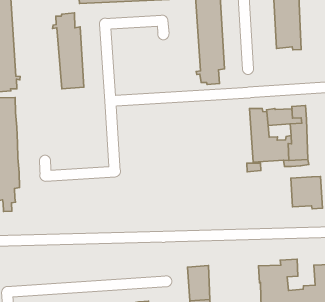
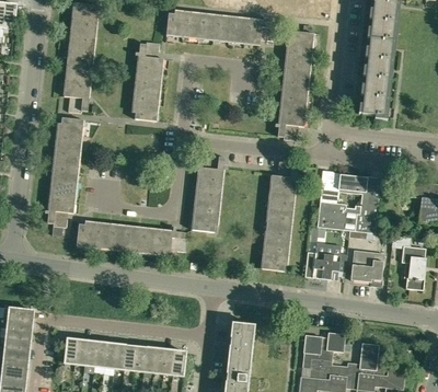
building: none -> [261,161,300,270]
building: none -> [192,152,227,231]
building: none -> [304,251,346,279]
building: none -> [76,220,186,255]

